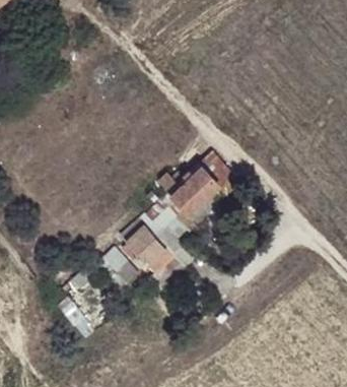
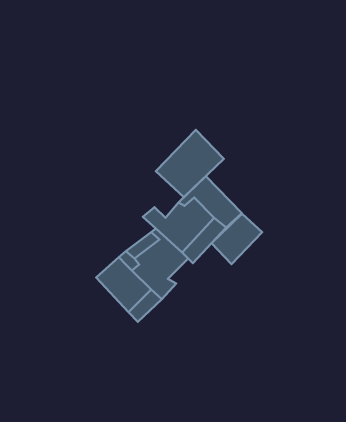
building: none -> [156,130,224,197]
building: none -> [211,214,262,264]

